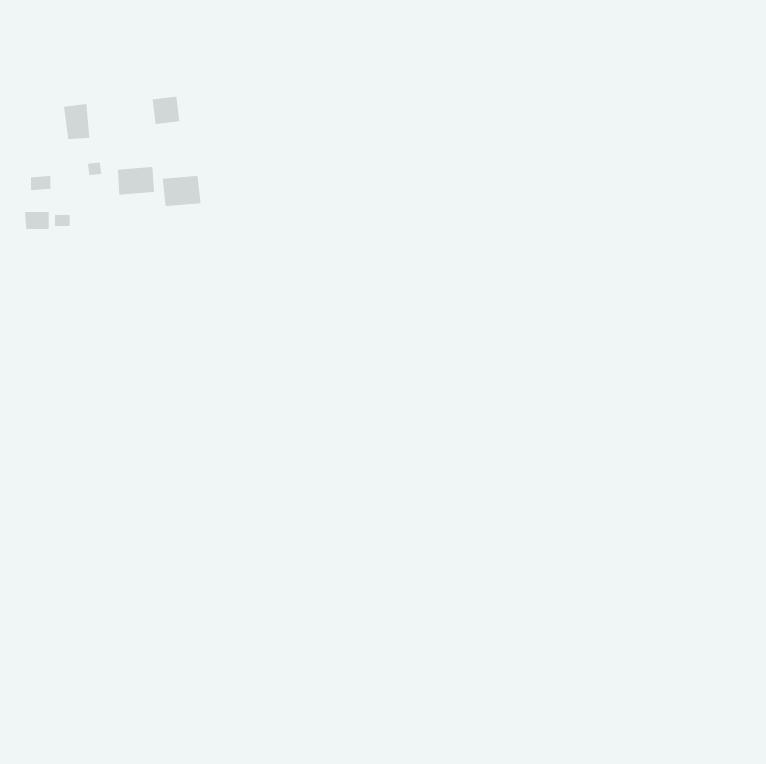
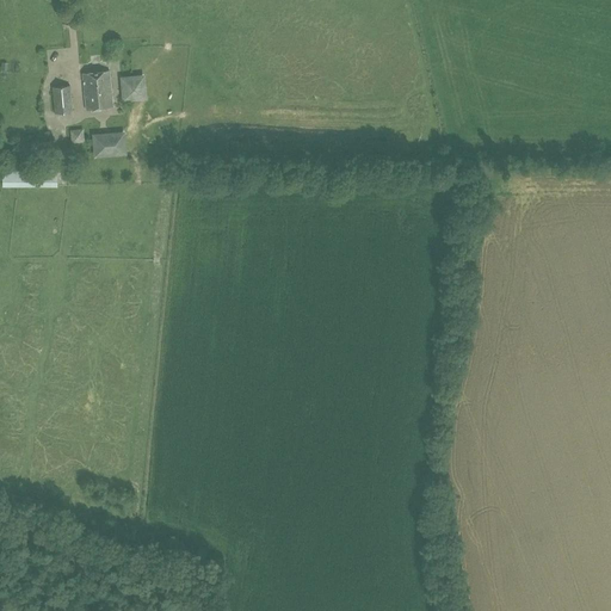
building: none -> [81,68,111,107]
building: [162,175,201,207] -> none

